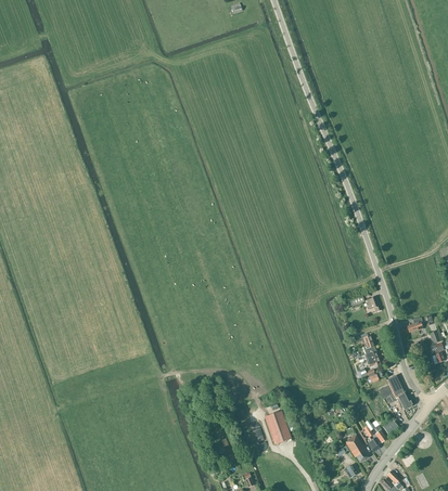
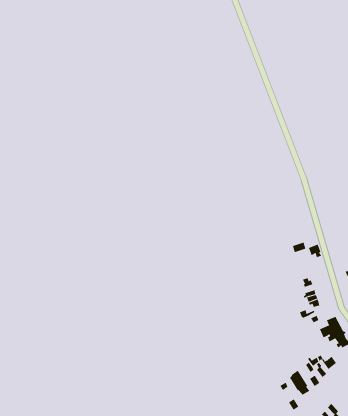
building: [265,412,292,444] -> none

